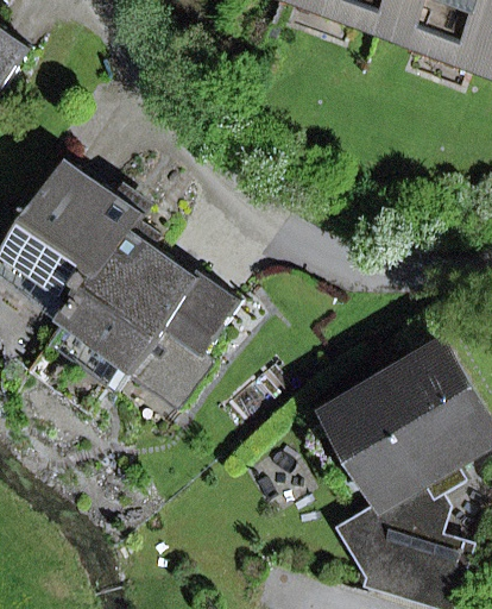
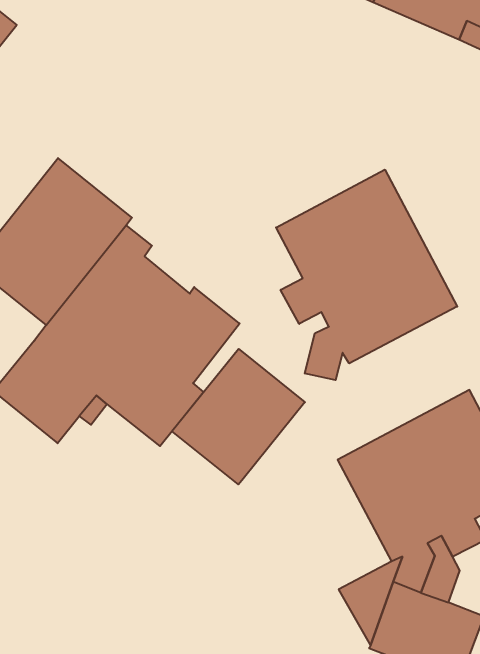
building: none -> [276,170,457,380]
building: none -> [172,349,305,484]

